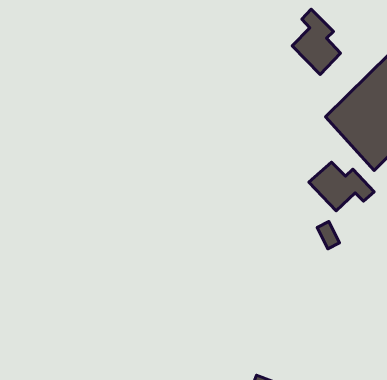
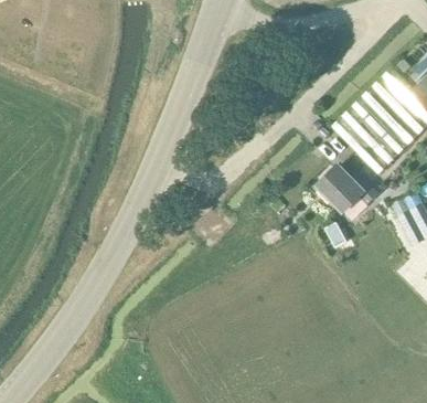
building: [292,9,340,74] -> none

